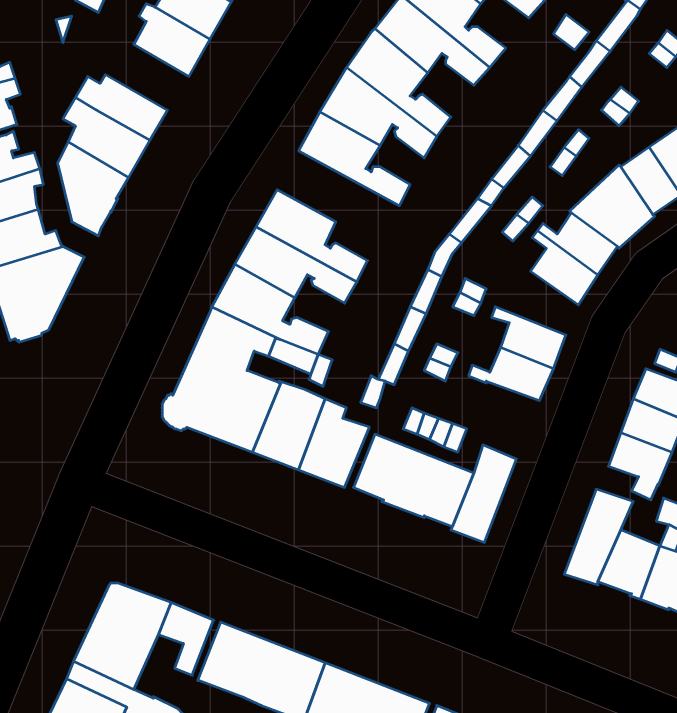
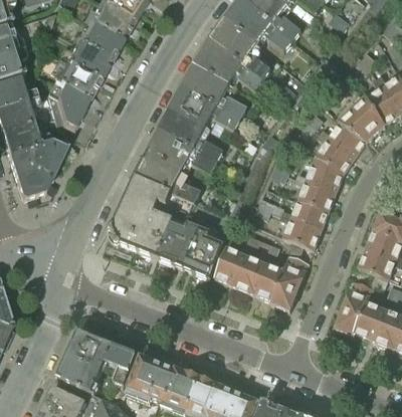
building: none -> [74,27,122,64]
building: none -> [172,87,241,131]
building: none -> [306,155,343,192]
building: none -> [283,218,321,254]

